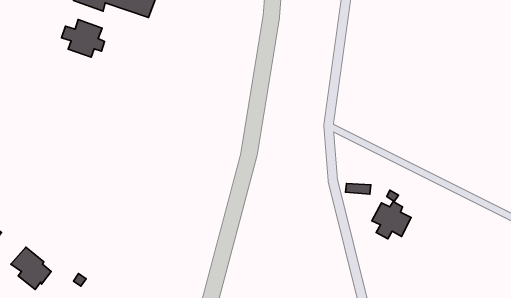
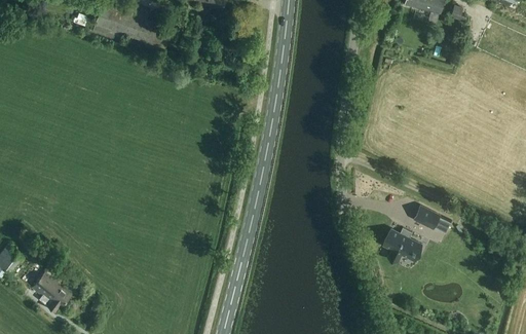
building: [61,19,105,57] -> none
building: none -> [412,205,441,230]

